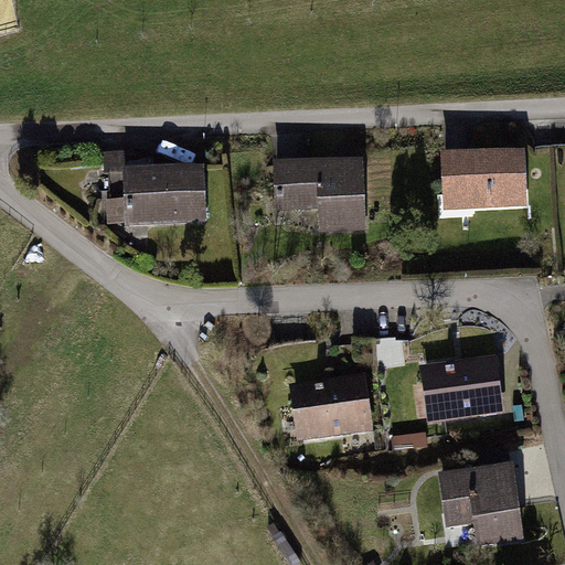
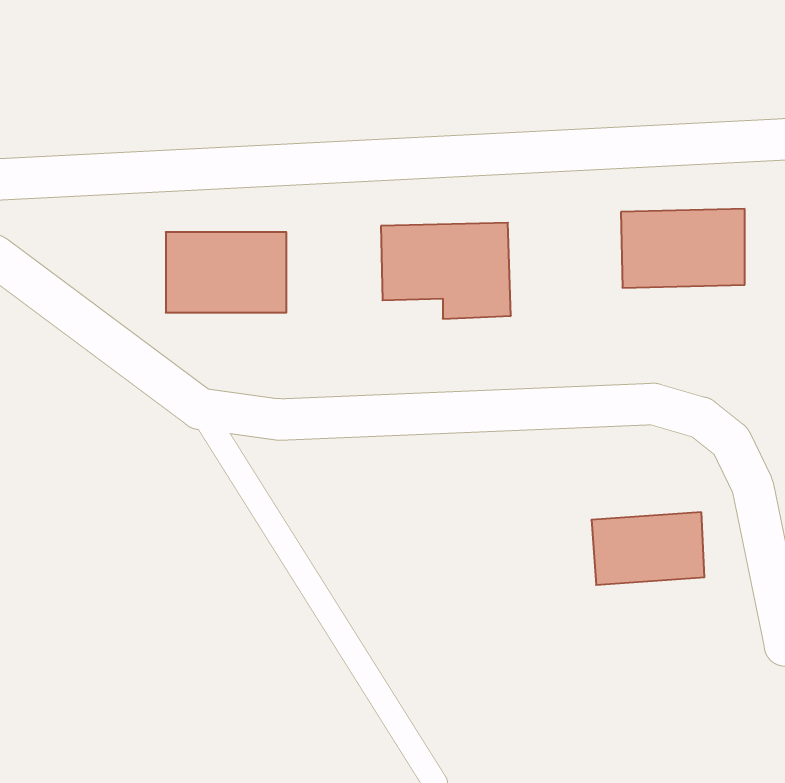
building: [290,383,371,434] -> none
building: [434,457,522,540] -> none

